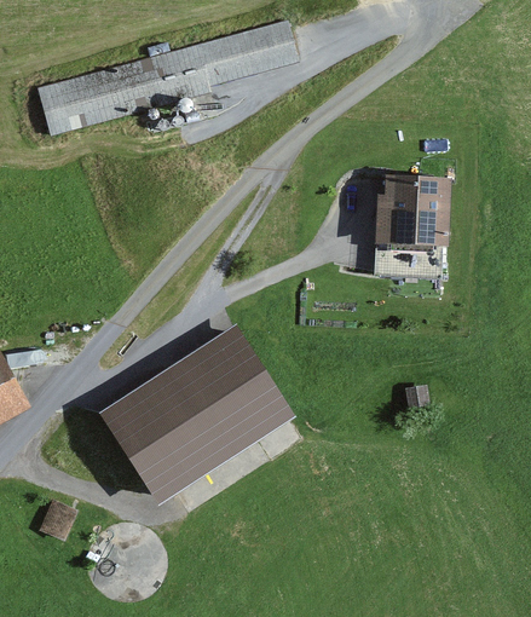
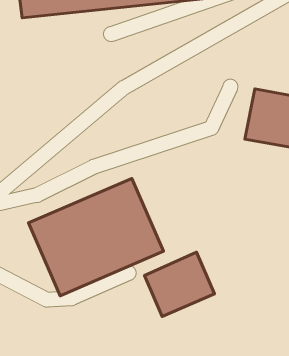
building: none -> [145,252,214,316]

